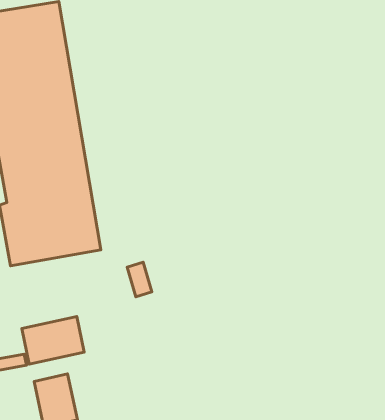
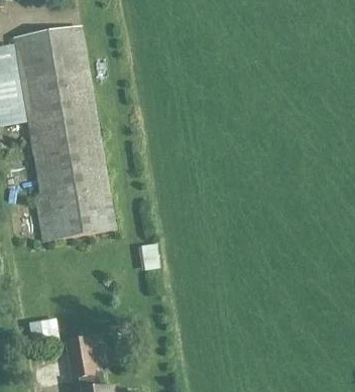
building: [22,317,84,364] -> none

